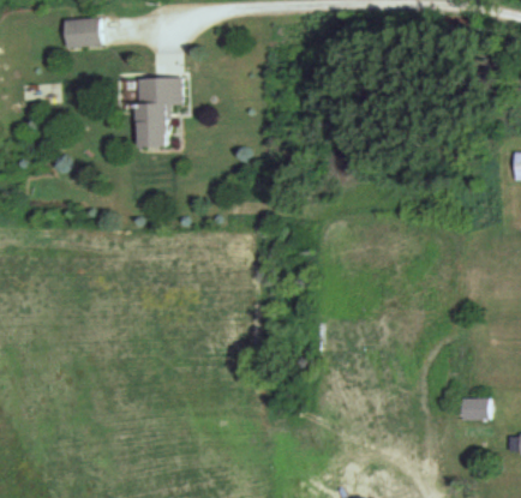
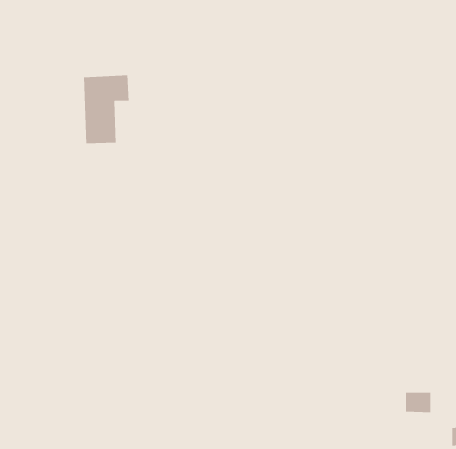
building: [64,19,100,47] -> none

